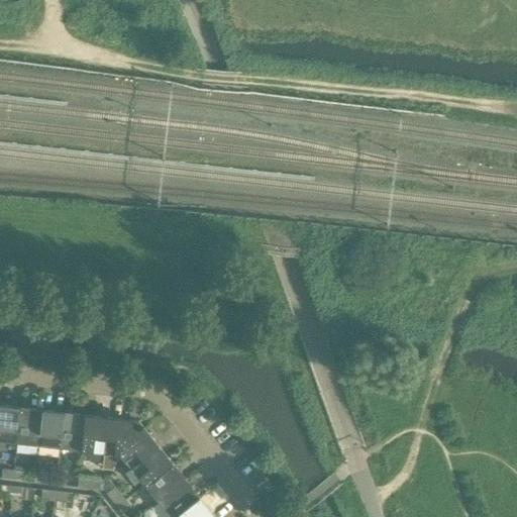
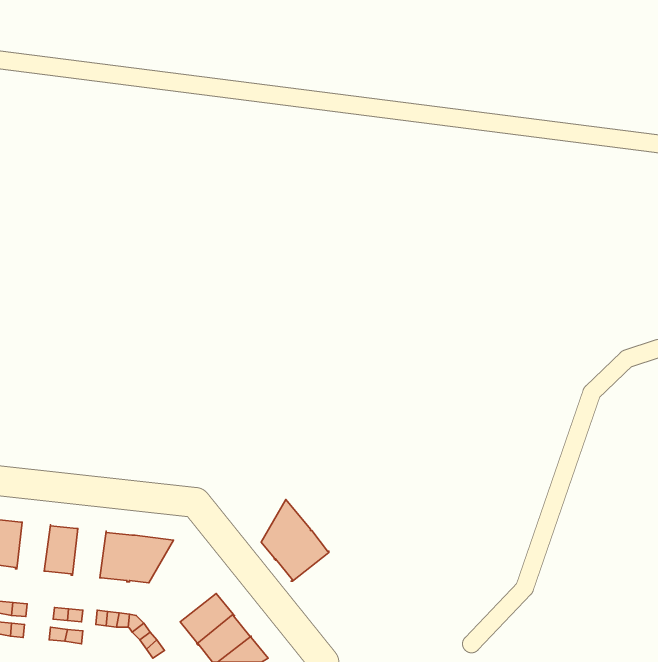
building: [13,407,39,445] -> none
building: [57,412,83,450] -> none
building: [116,421,169,485] -> [261,499,329,581]

